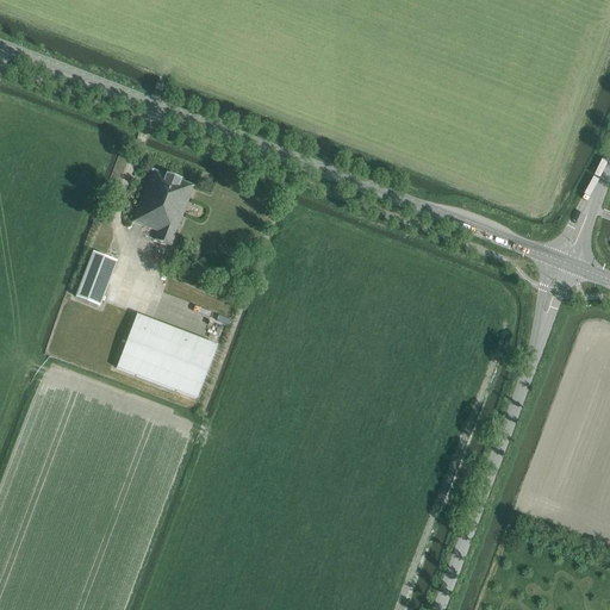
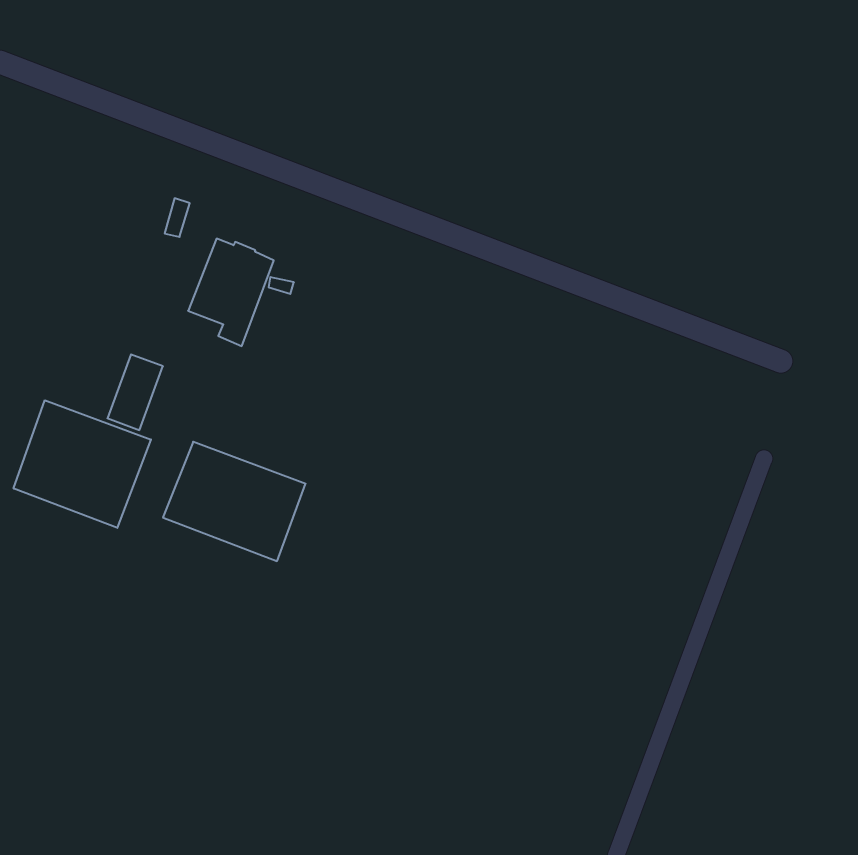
building: none -> [14,400,151,528]

